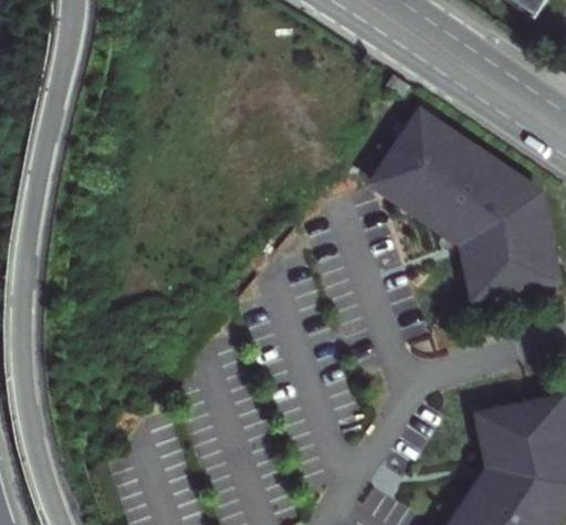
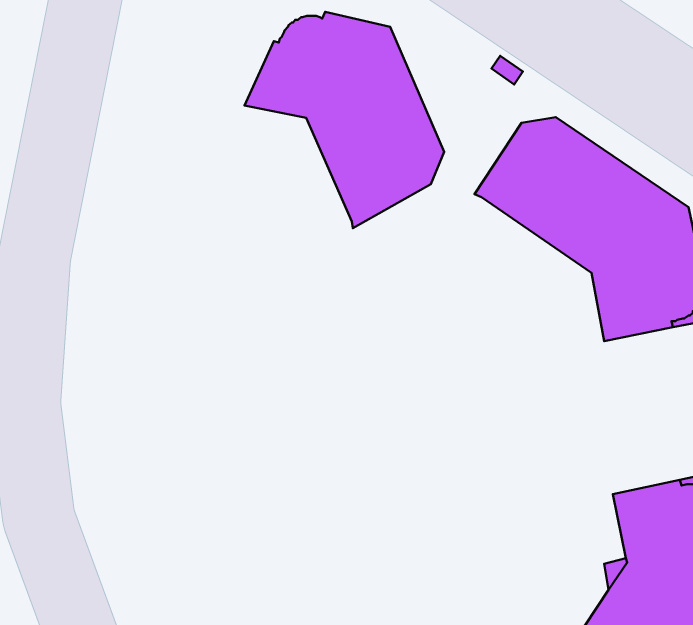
building: none -> [245,12,444,228]

